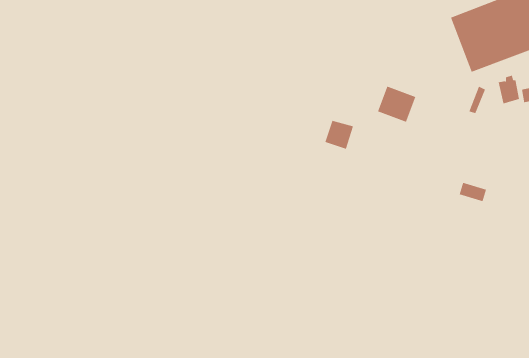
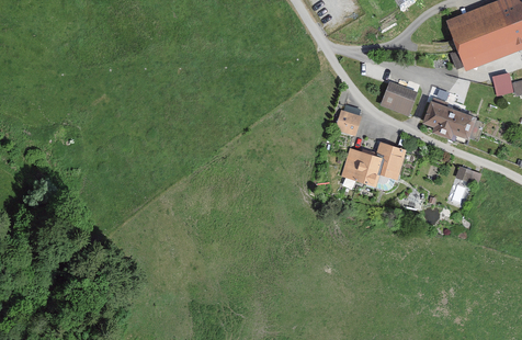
building: none -> [420,102,478,141]
building: none -> [341,143,406,189]

